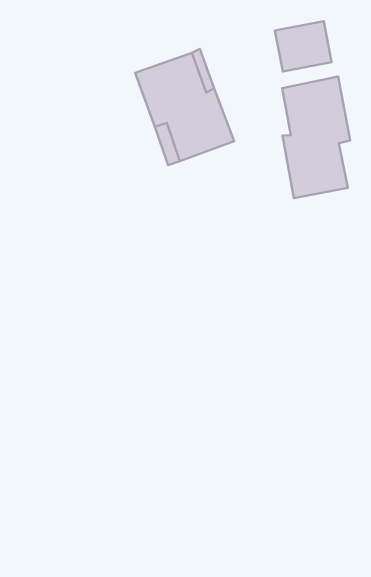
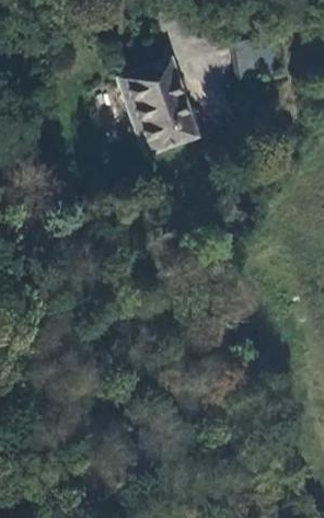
building: [282,77,350,198] -> none

